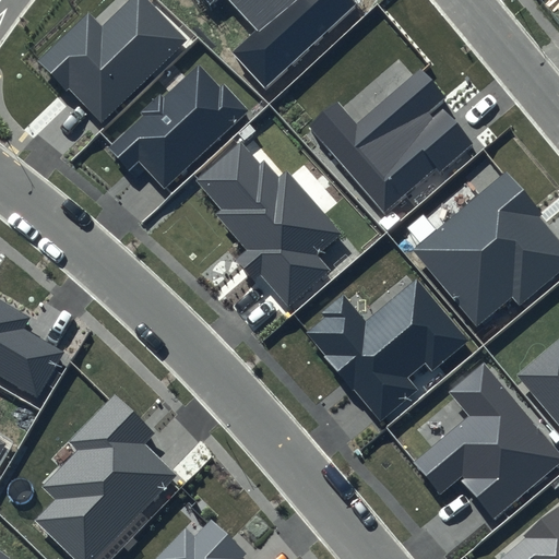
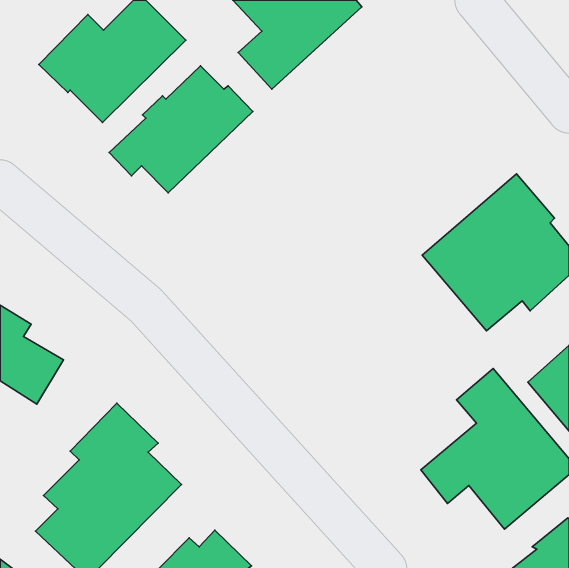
building: [310,68,472,211] -> none
building: [195,143,342,308] -> none
building: [306,281,468,421] -> none

